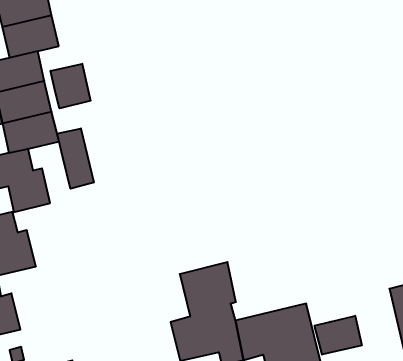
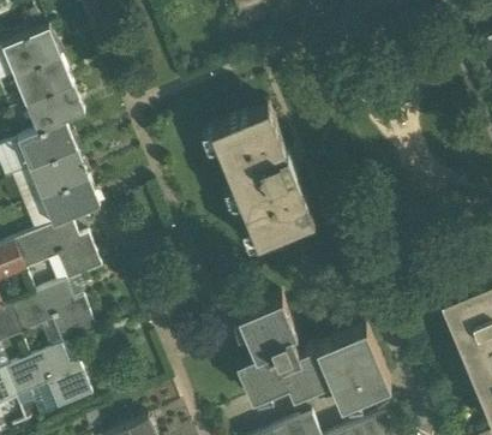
building: [51,64,91,108] -> none
building: none -> [209,107,313,244]
building: [57,128,94,189] -> none
building: [315,316,362,355] -> none

